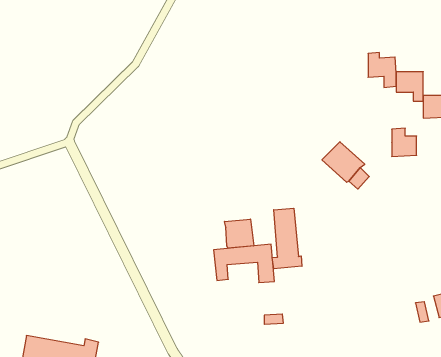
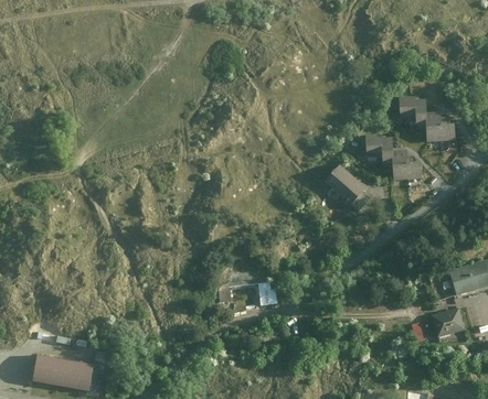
building: [368,53,396,87] -> [365,131,393,165]
building: [272,208,302,269] -> none
building: [225,219,254,248] -> none

